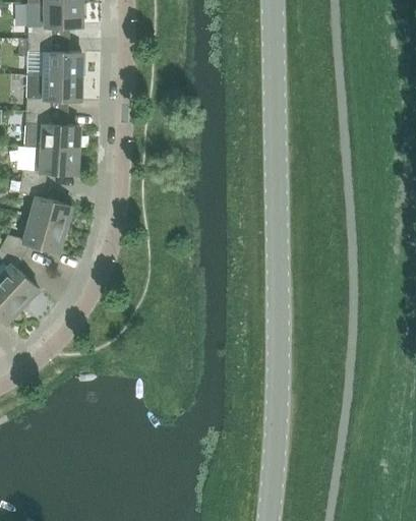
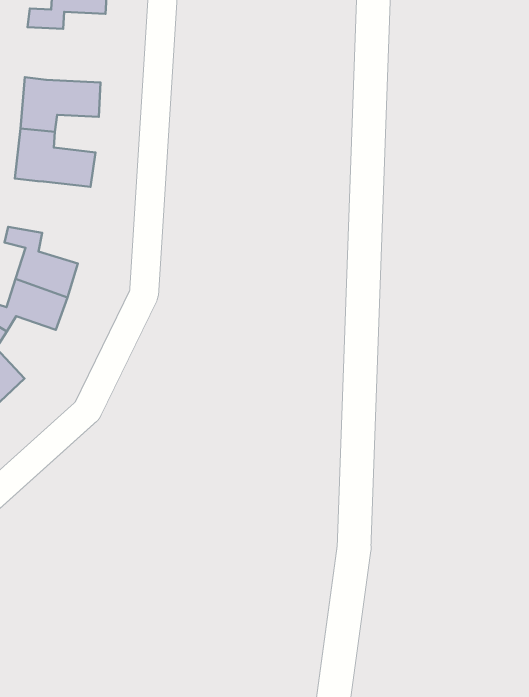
building: [22,40,81,76] -> none
building: [20,149,77,185] -> none

